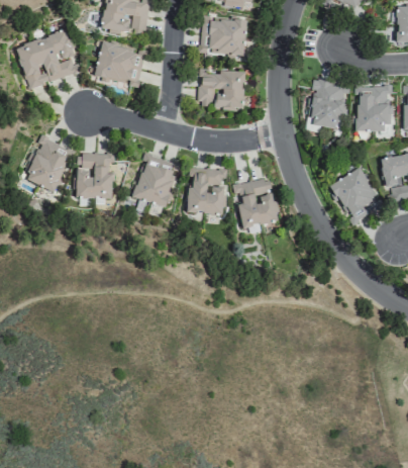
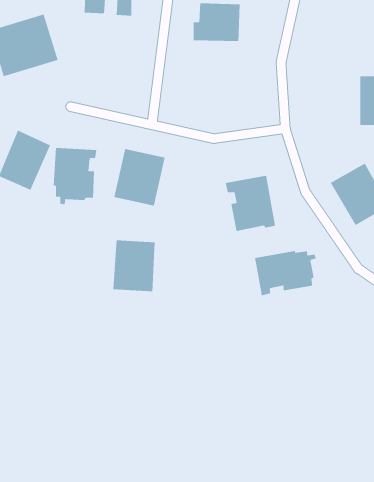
building: [94,41,146,86] -> none
building: [198,70,244,108] -> none
building: [306,81,346,128] -> none
building: [187,167,226,214] -> [113,240,156,292]
building: none -> [255,250,317,296]

